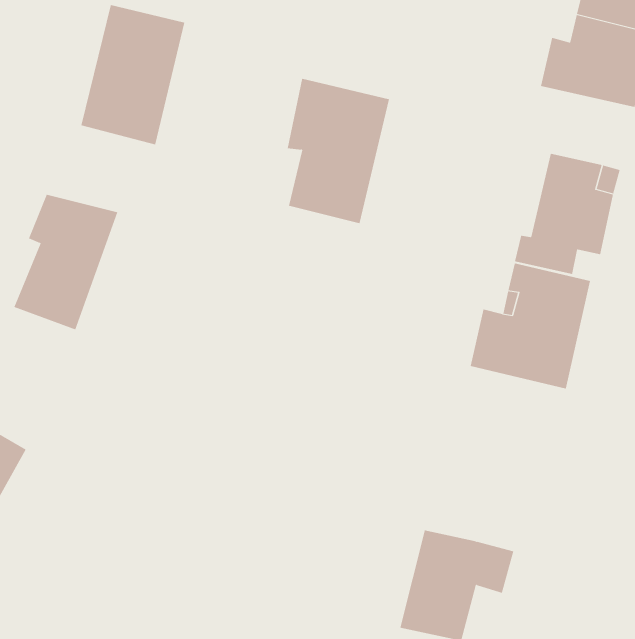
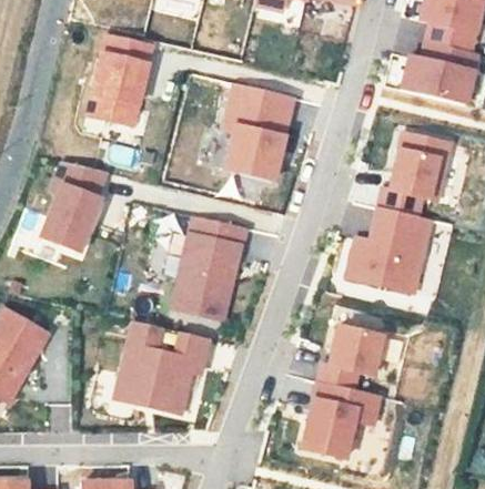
building: none -> [173,216,247,319]
building: none -> [120,320,210,415]
building: none -> [319,332,383,396]

